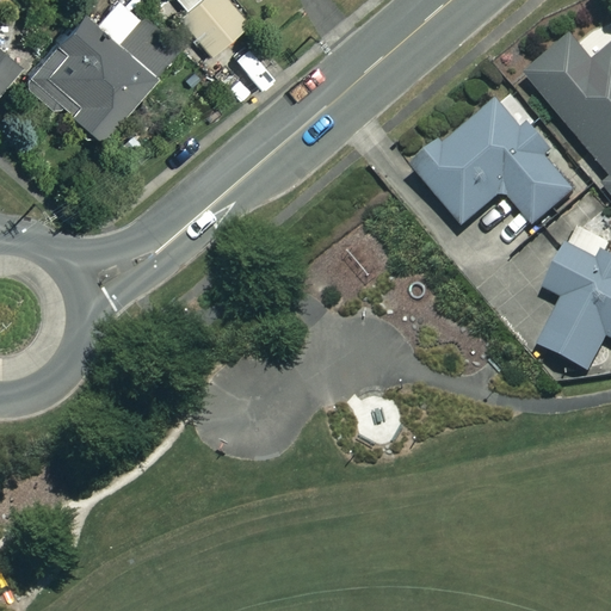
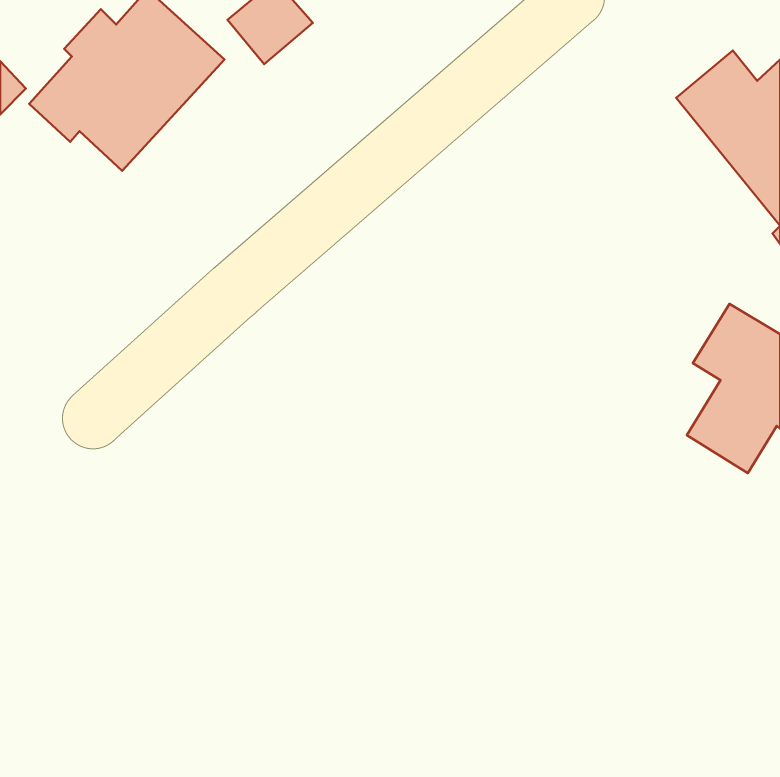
building: [415,93,572,224] -> none

